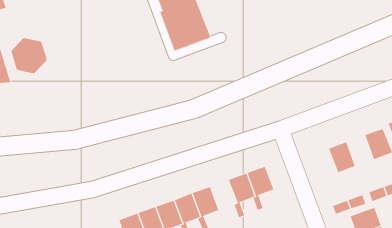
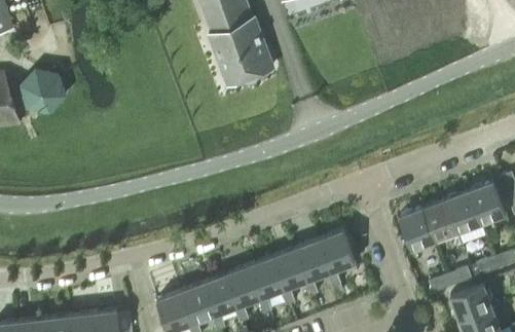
building: none -> [447,191,481,231]
building: none -> [400,209,436,249]
building: none -> [273,249,307,305]

